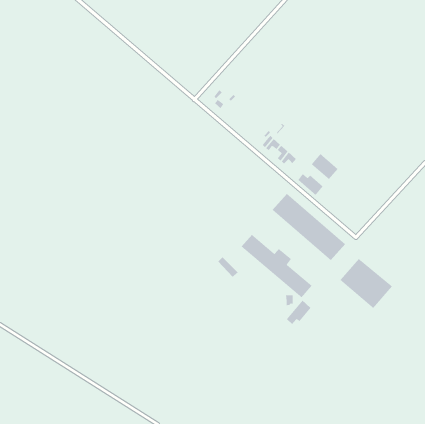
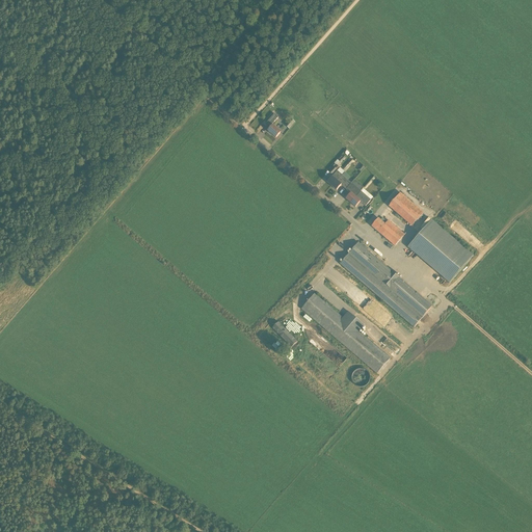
building: [339,258,393,309] -> [406,218,473,282]
building: [286,300,311,325] -> none

